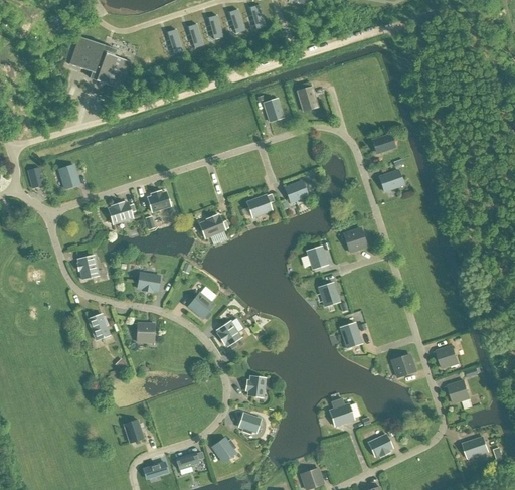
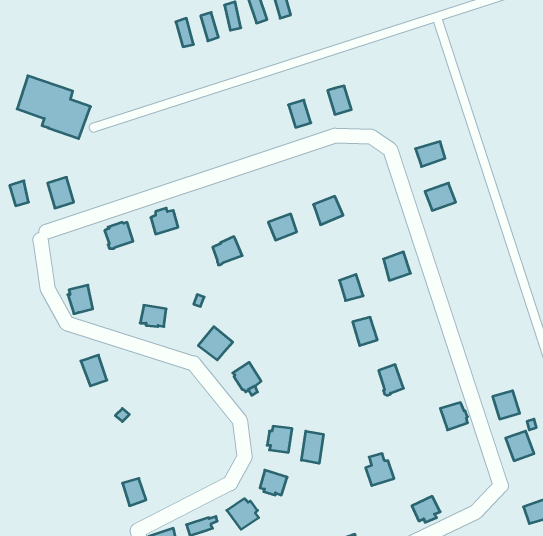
building: [68,35,131,89] -> [17,76,91,139]
building: [138,321,156,342] -> none
building: none -> [301,431,323,463]

